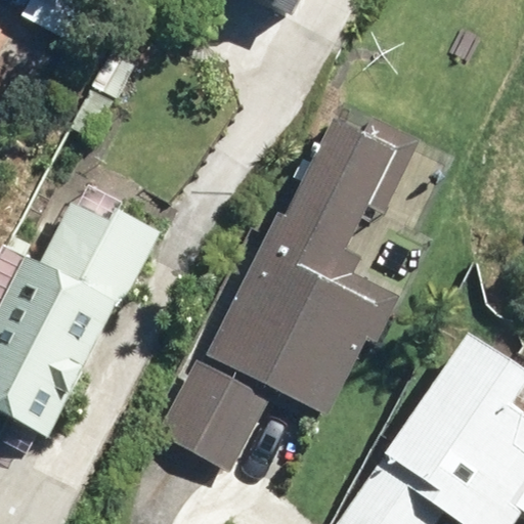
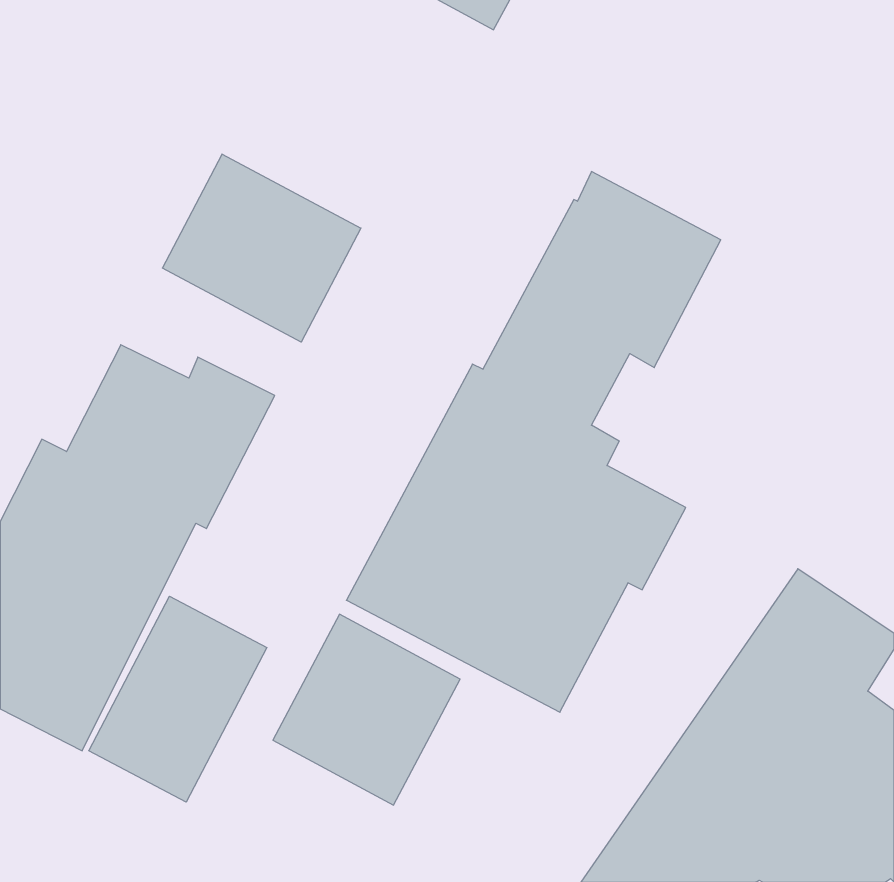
building: none -> [162,154,361,342]
building: none -> [89,596,267,802]

